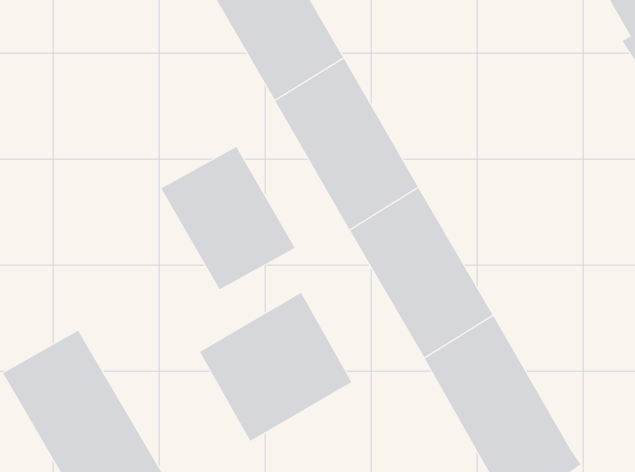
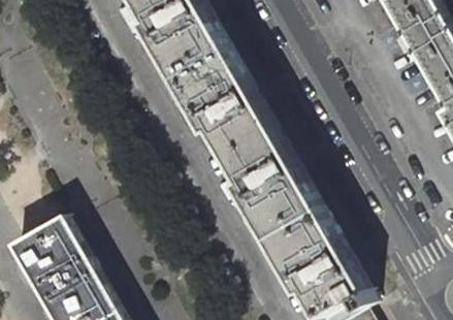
building: [160,146,296,290] -> none
building: [199,292,352,442] -> none

